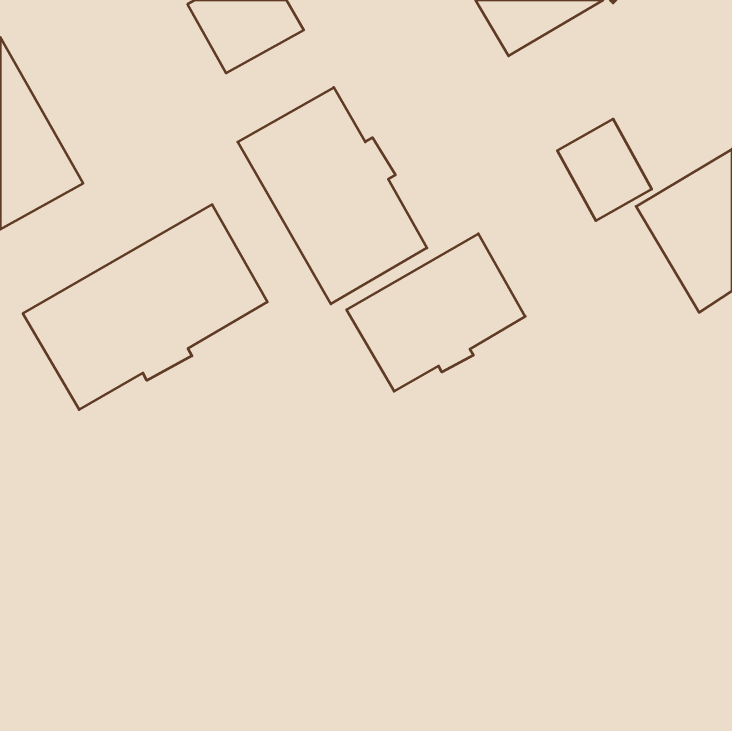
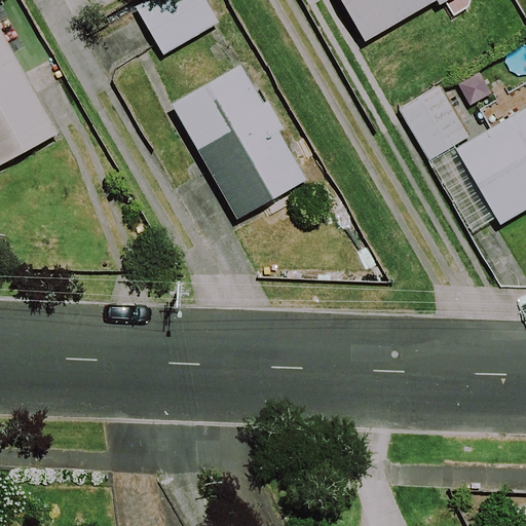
building: [23,205,267,410] -> none
building: [347,234,525,391] -> none

